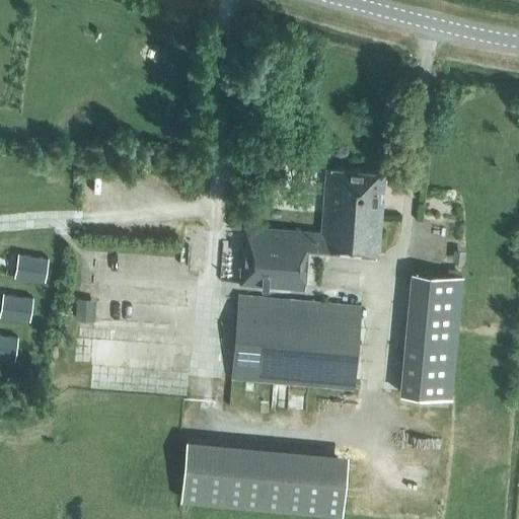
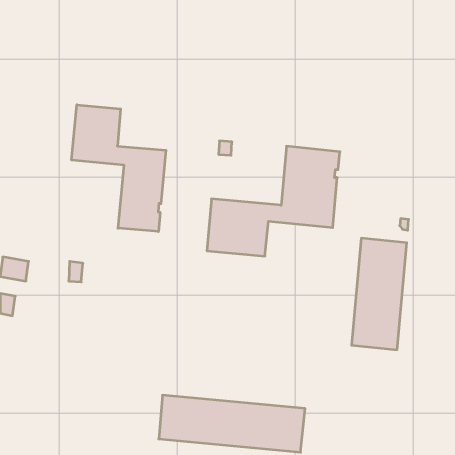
building: none -> [72,105,166,232]
building: [16,253,49,281] -> none
building: [229,298,360,391] -> none

